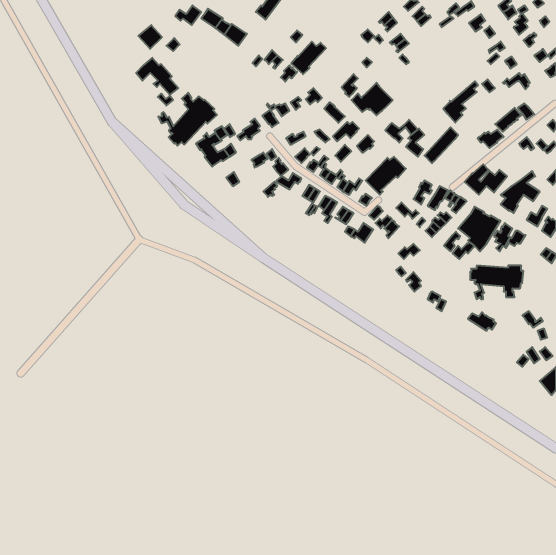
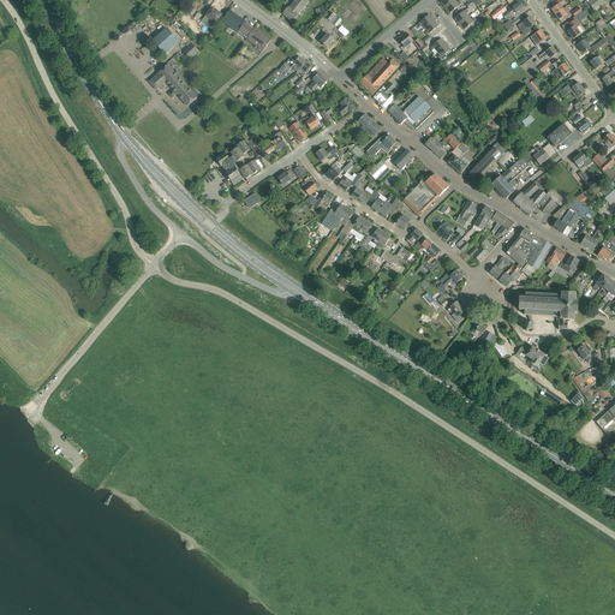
building: [291,42,326,74] -> [360,58,399,94]
building: [443,81,478,123] -> [492,153,531,198]
building: [158,93,217,146] -> none

